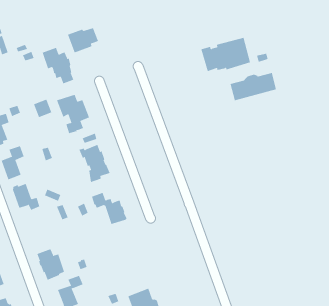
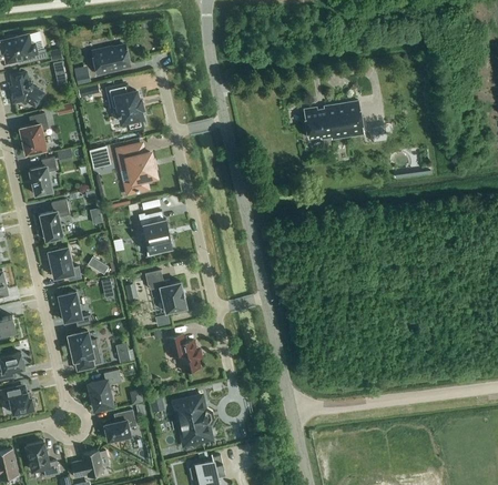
building: [67,27,99,53] -> [92,47,130,75]
building: [230,72,277,101] -> none
building: none -> [59,292,92,327]
building: none -> [166,334,205,372]

